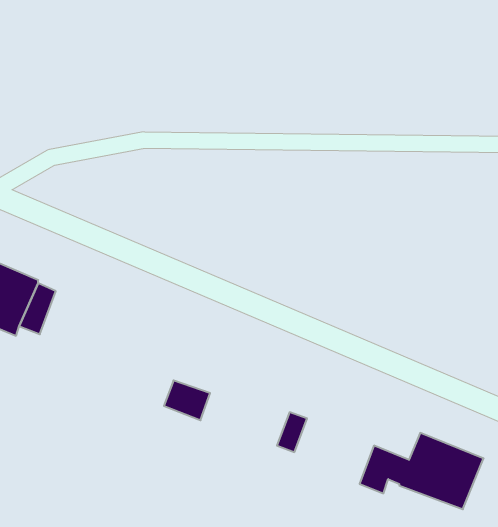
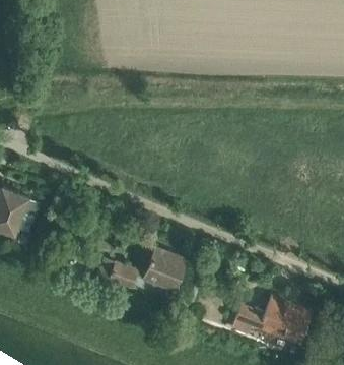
building: none -> [142,248,187,292]

